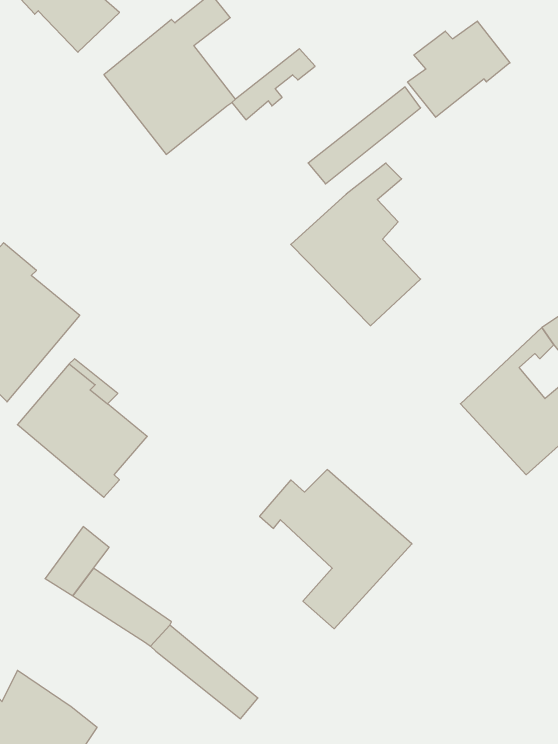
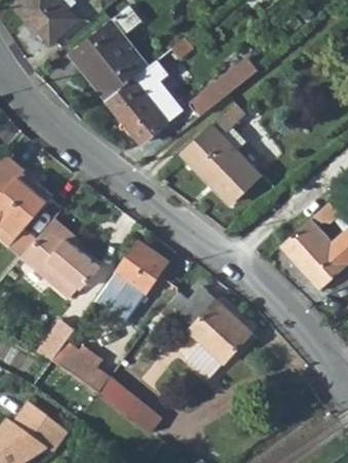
building: [408,21,510,117] -> none
building: none -> [106,71,170,143]
building: none -> [99,239,170,317]

